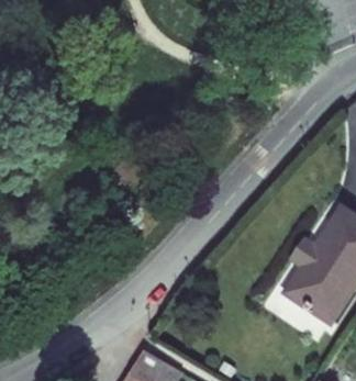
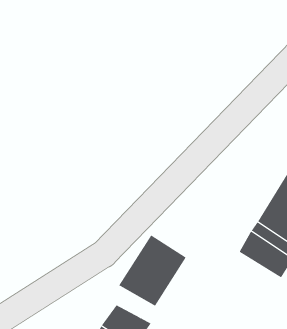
building: none -> [118,234,186,306]

